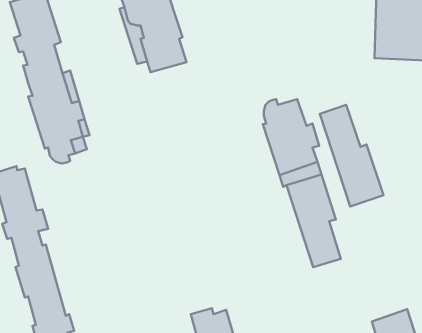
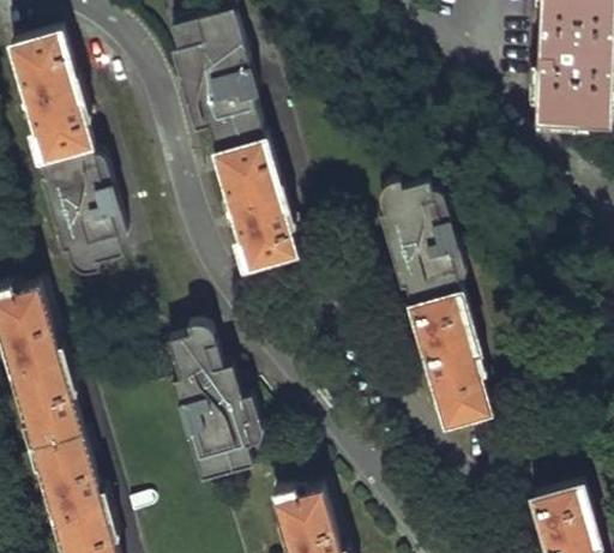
building: none -> [216,131,297,269]
building: [320,105,383,207] -> none
building: none -> [168,326,252,483]

